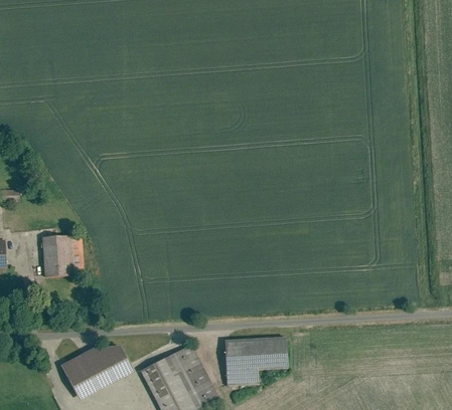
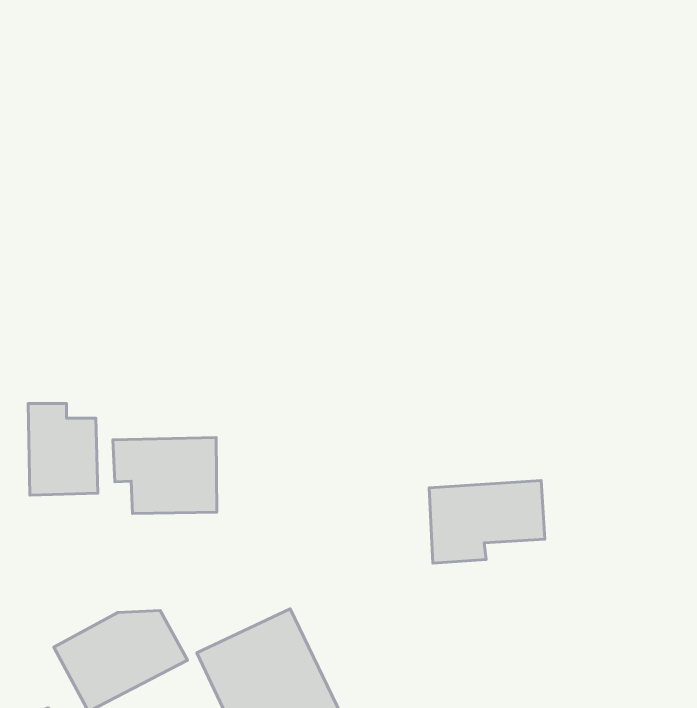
building: none -> [113,438,217,514]
building: [222,336,286,381] -> [429,481,545,563]

